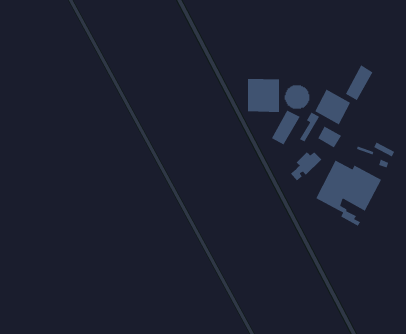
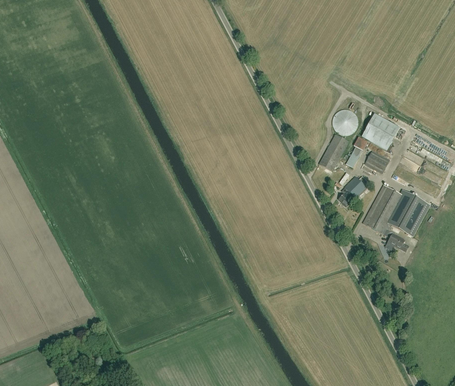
building: [345,64,374,101] -> none
building: [247,78,280,113] -> none

